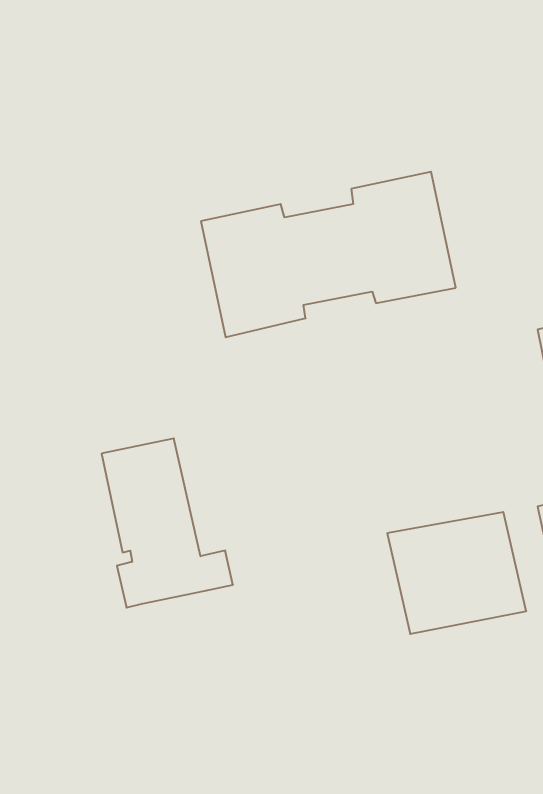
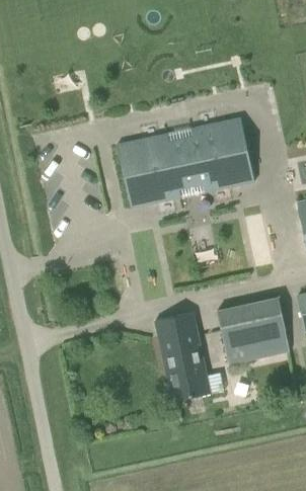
building: [102,438,233,608] -> [154,311,224,401]

